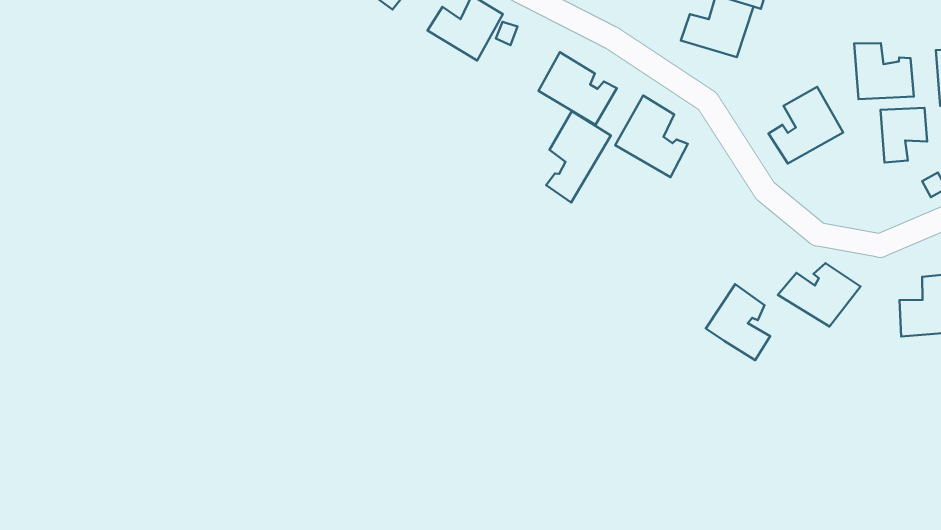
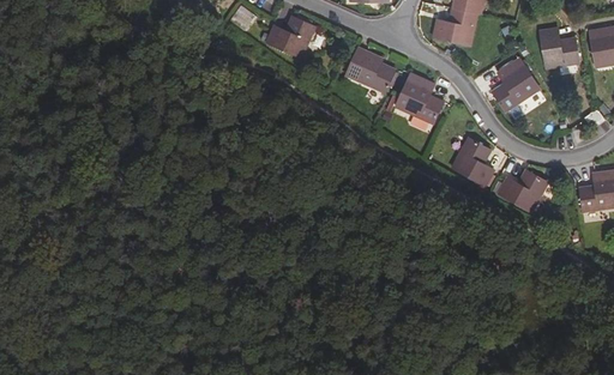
building: [881,108,927,163] -> none
building: [546,111,611,202] -> none
building: [706,284,770,360] -> [457,138,498,185]

